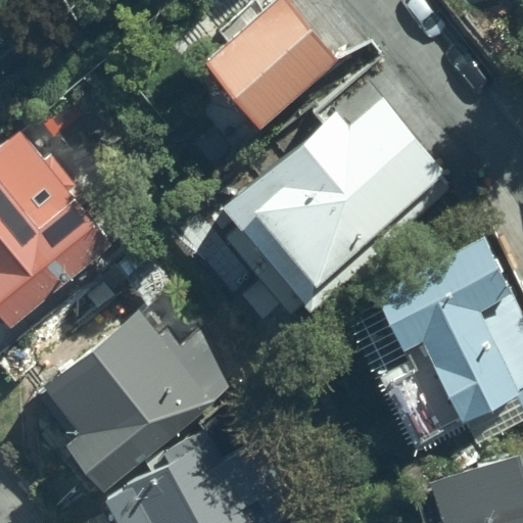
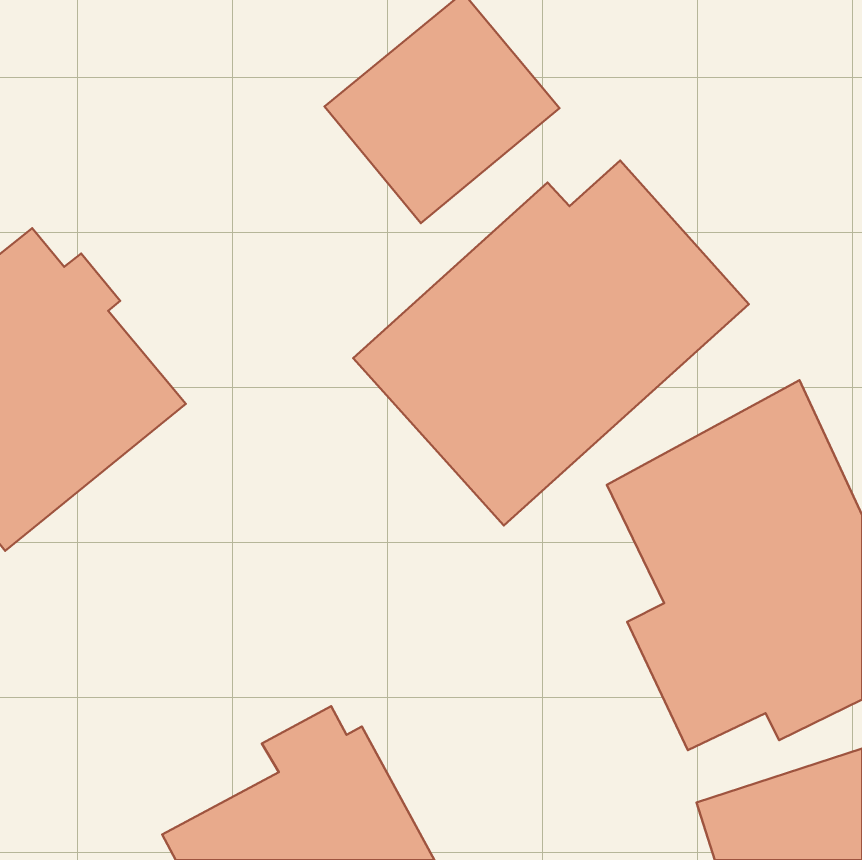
building: [32,295,237,496] -> none

